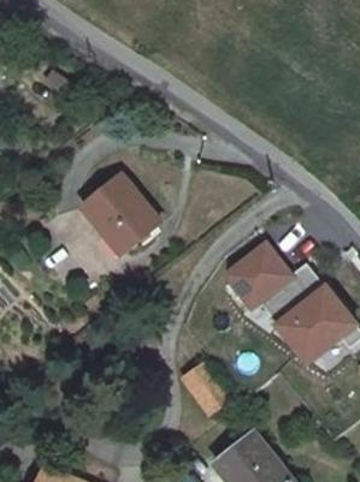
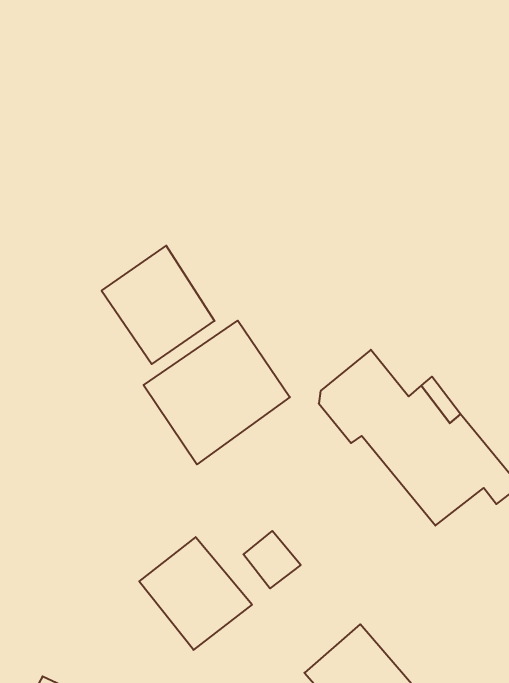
building: none -> [144,321,290,464]
building: none -> [139,537,252,650]

